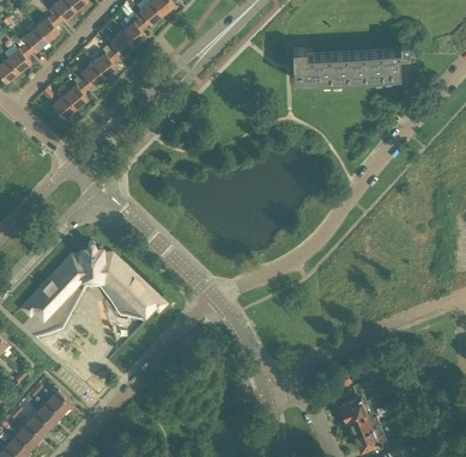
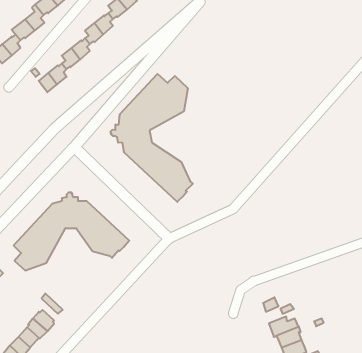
building: [292,43,414,81] -> none
building: none -> [111,74,193,202]

